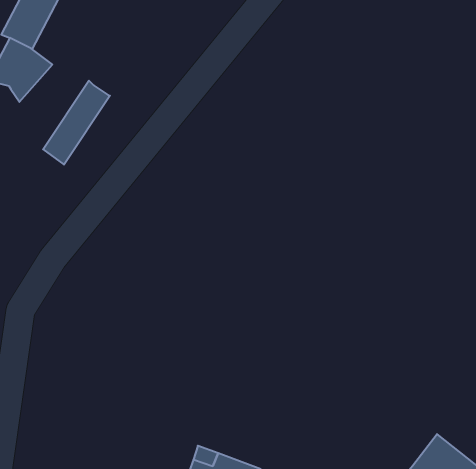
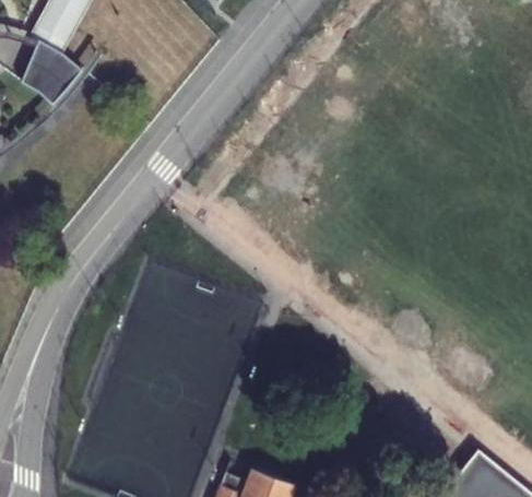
building: [43,81,110,165] -> none

